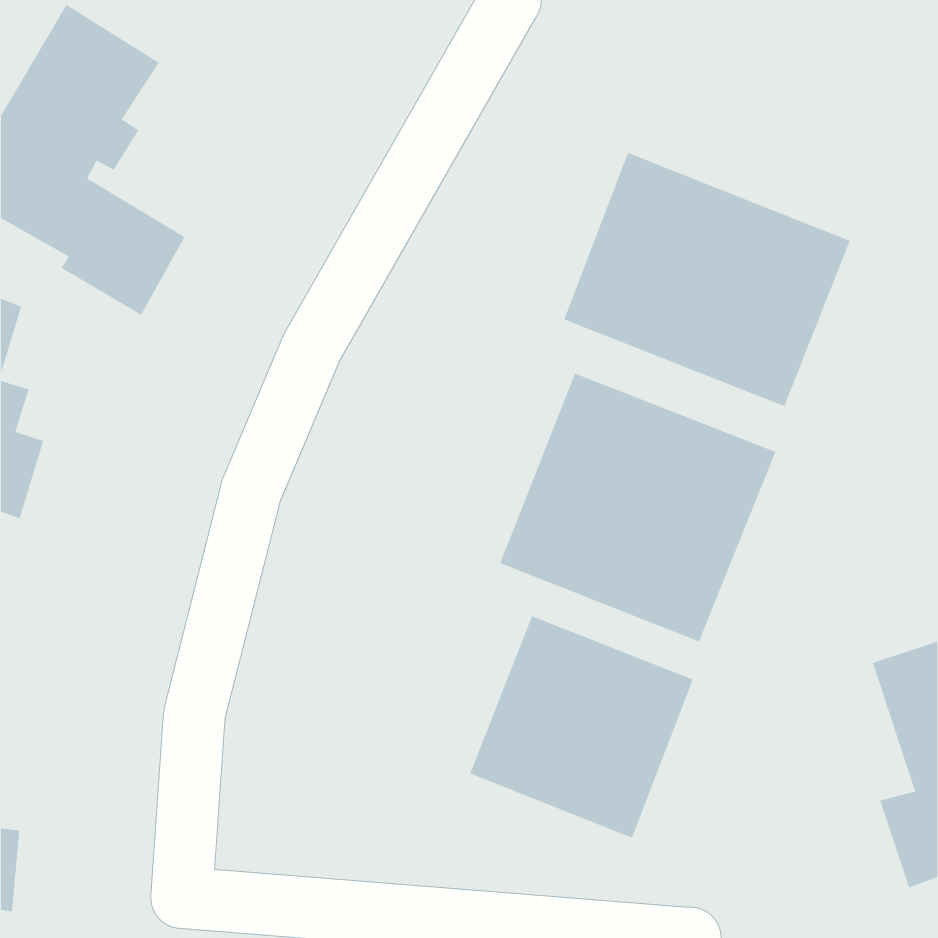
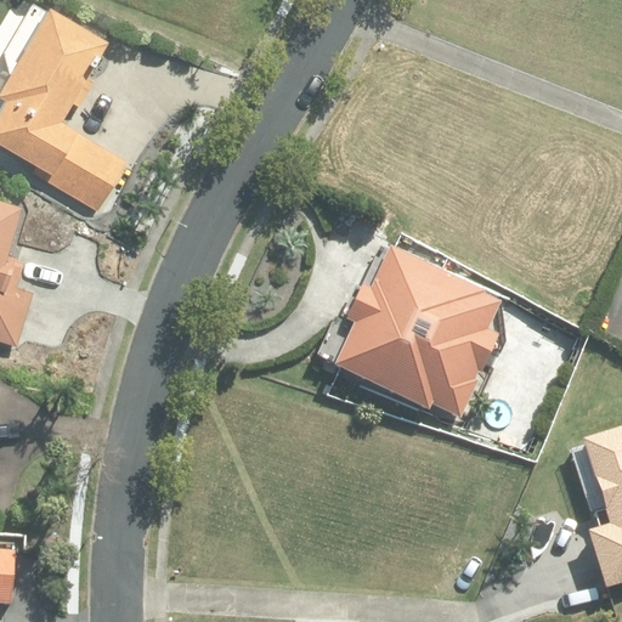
building: [563,152,851,407] -> none
building: [469,615,694,839] -> none

